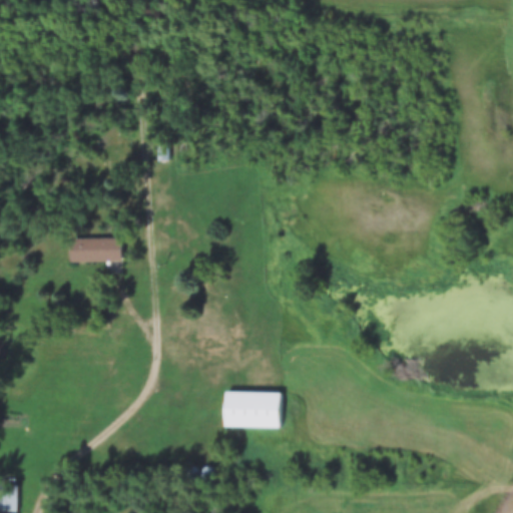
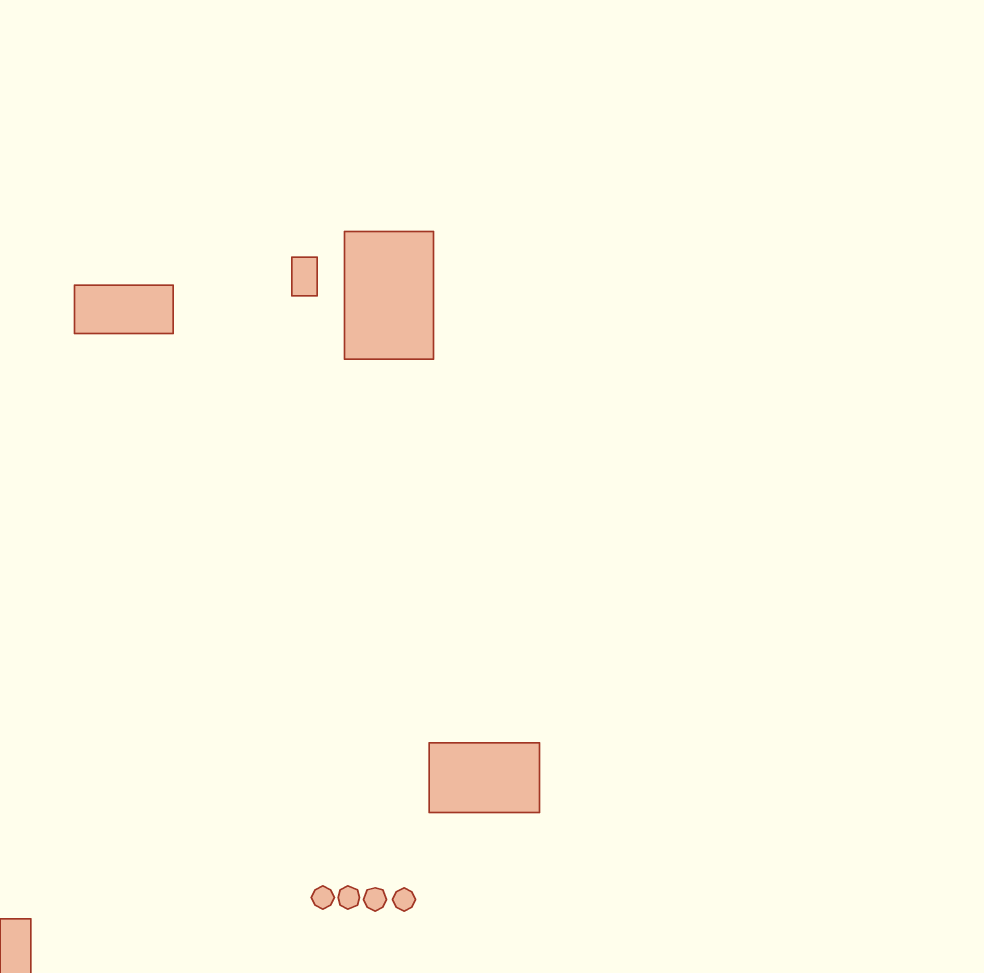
building: none -> [345,231,433,359]
building: [69,237,120,263] -> [75,285,173,334]

